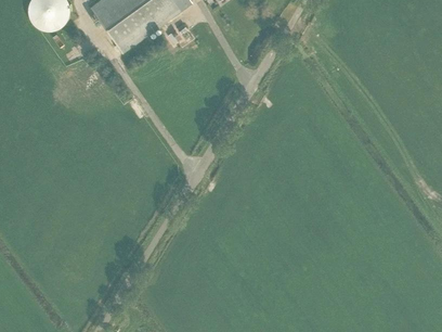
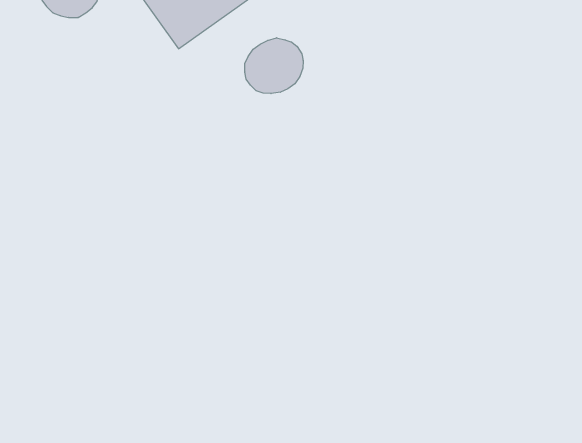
building: none -> [245,38,303,94]

